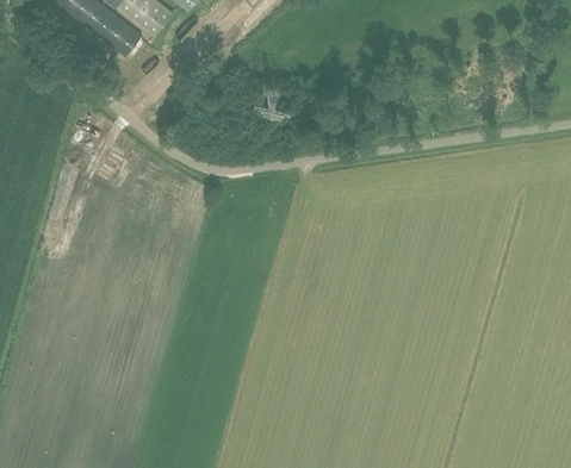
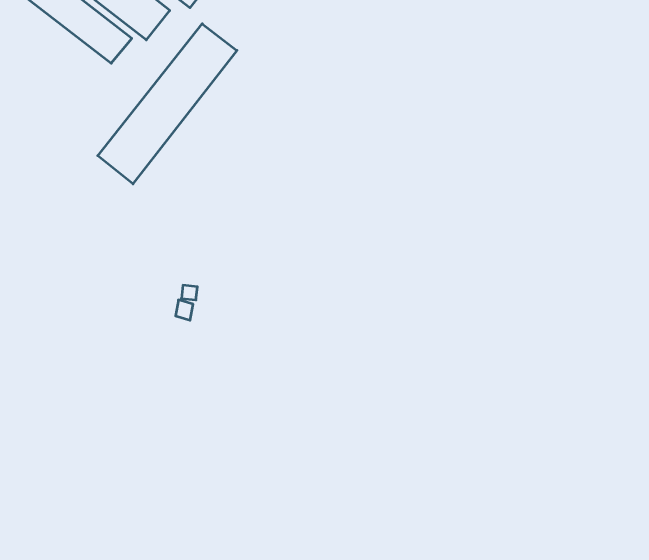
building: none -> [98,24,237,184]

